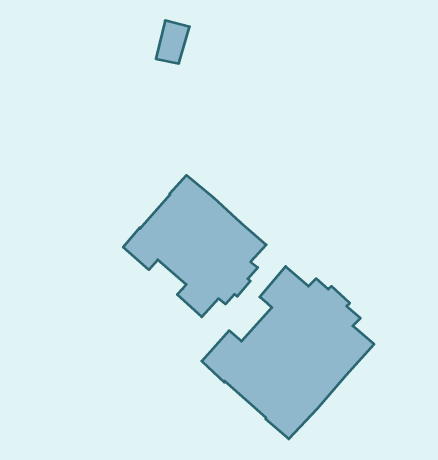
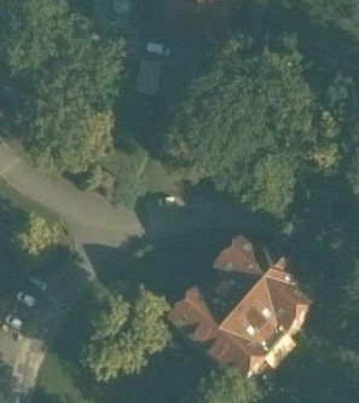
building: [123,175,266,317] -> none

